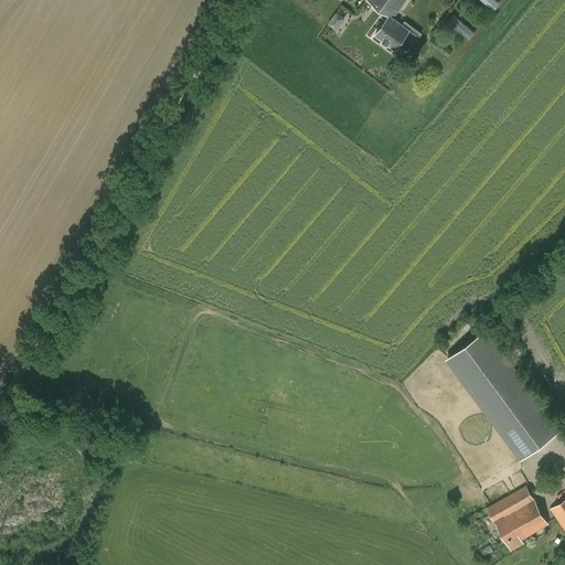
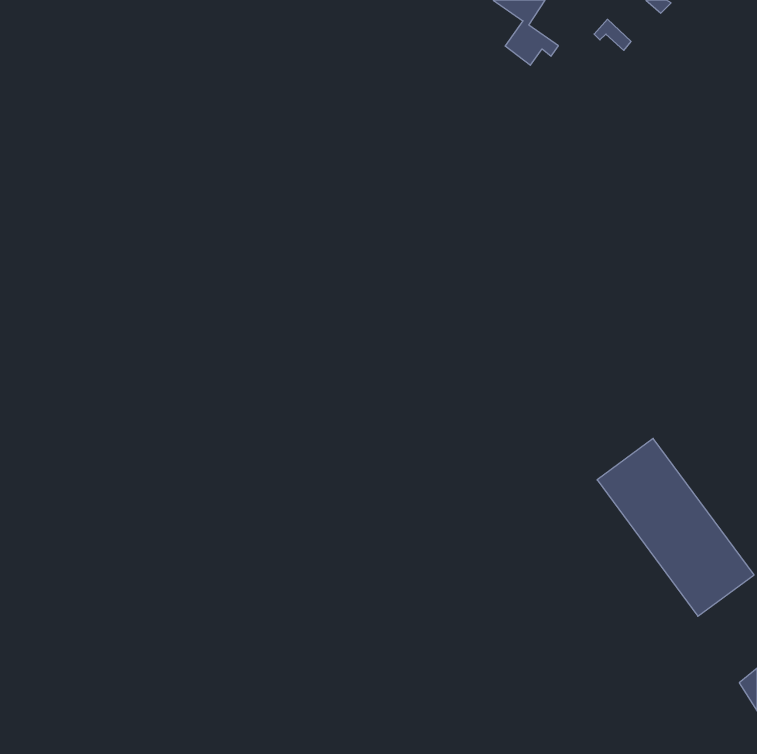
building: [487,487,548,548] -> none

